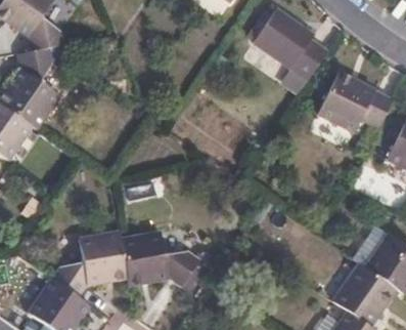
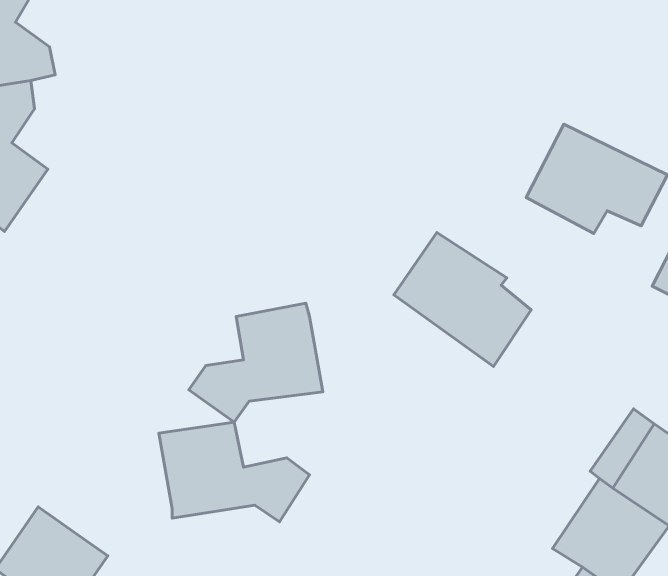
building: [252,10,326,83] -> [394,232,531,366]
building: [53,233,126,297] -> [189,303,323,422]

